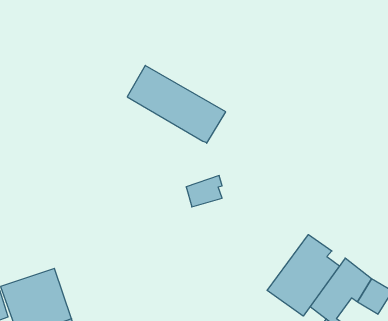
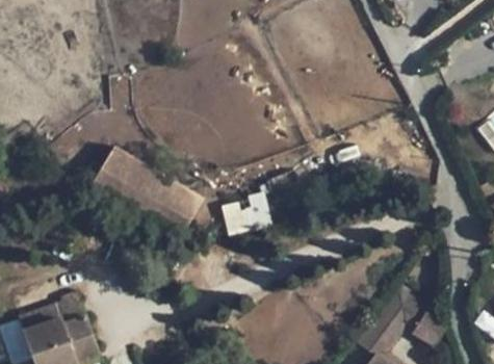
building: [127,65,226,143] -> [94,149,202,234]
building: [267,235,339,316] -> none

